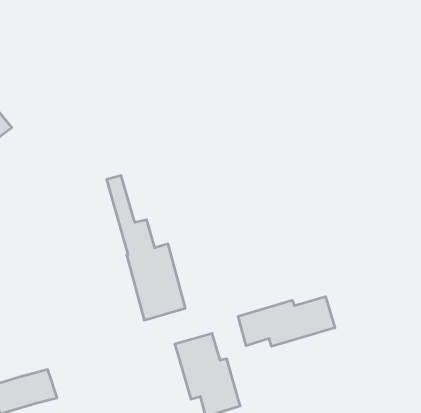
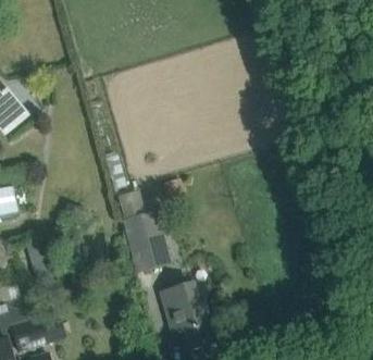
building: [238,297,335,346] -> none

